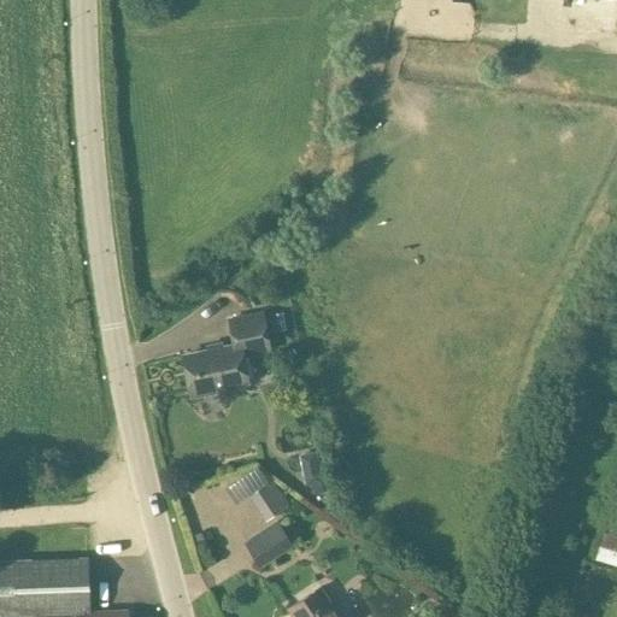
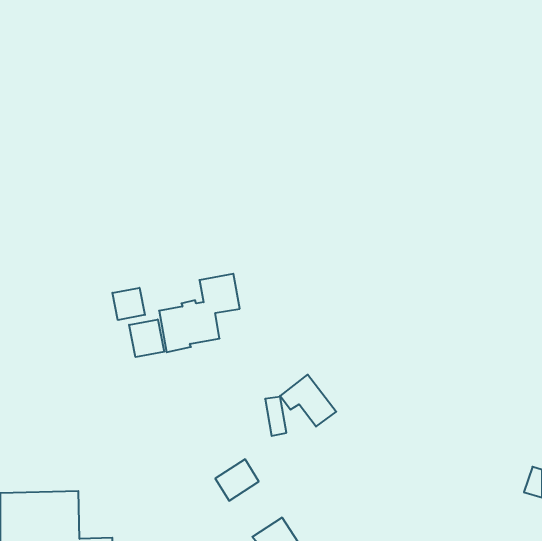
building: none -> [112,288,145,320]
building: none -> [129,319,164,357]
building: [227,463,290,522] -> [280,375,336,427]

